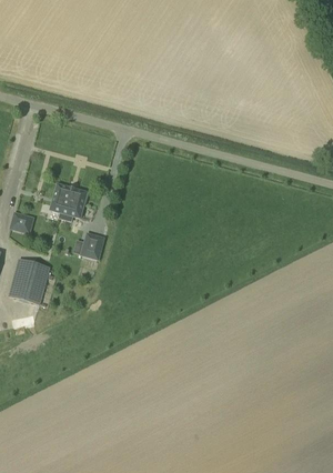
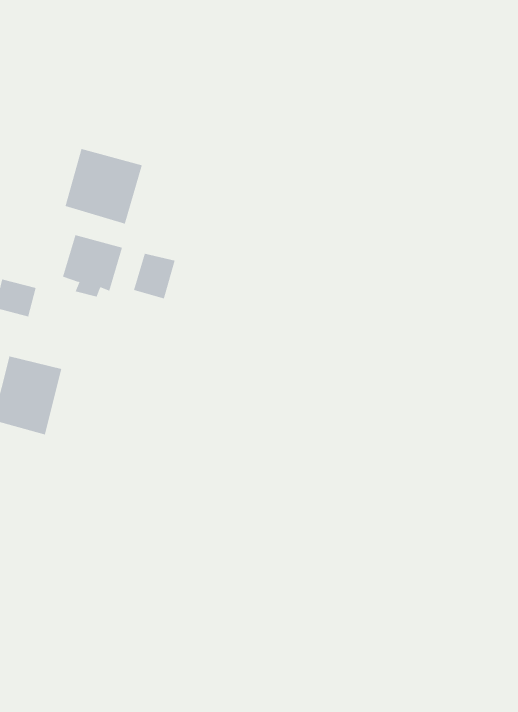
building: none -> [65,148,142,224]
building: [80,232,105,260] -> [133,253,175,299]

